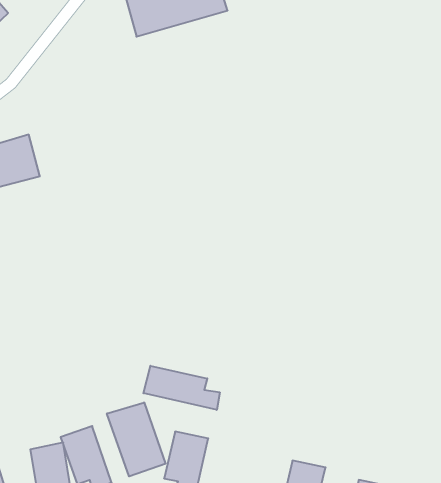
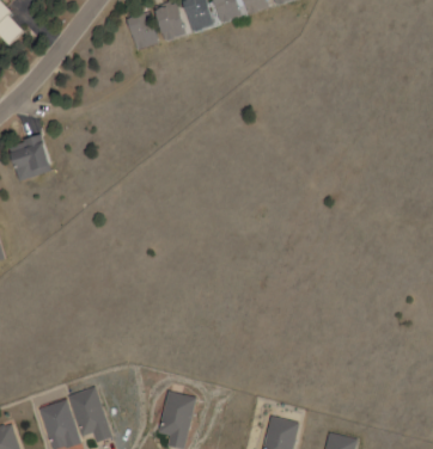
building: [143,366,220,410] -> none
building: [107,402,165,476] -> none

